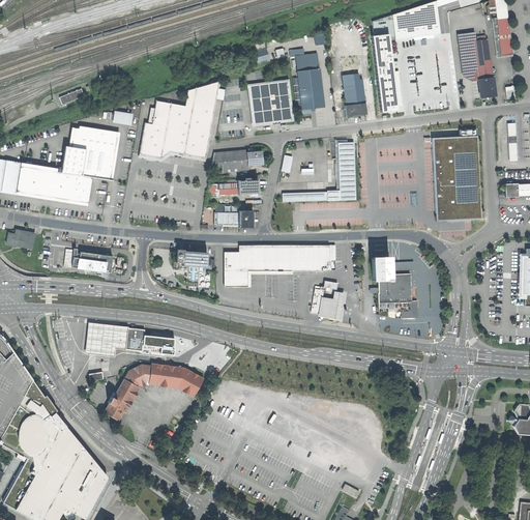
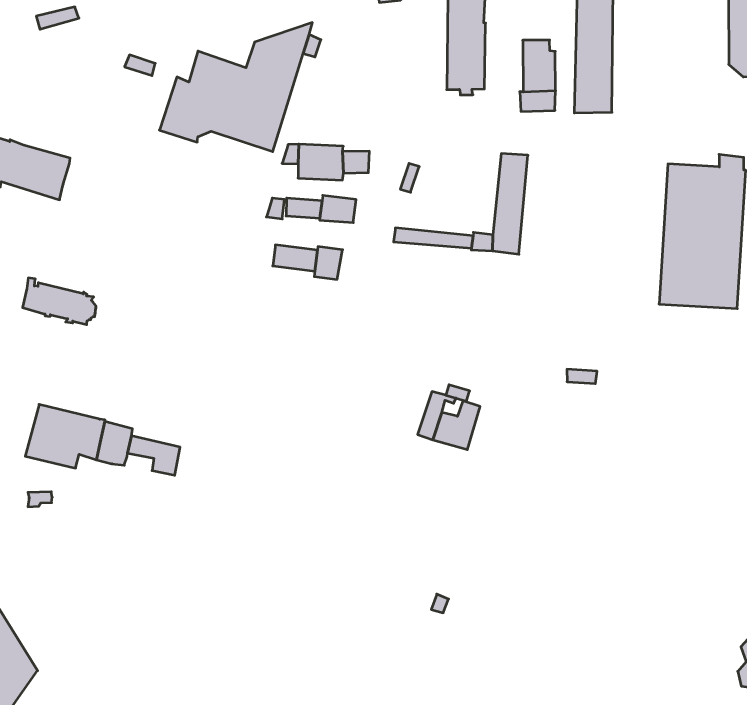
building: [252,82,294,122] -> none
building: [61,129,117,180] -> none
building: [225,245,329,286] -> none
building: [174,250,207,268] -> none
building: [372,257,412,317] -> none
building: [104,363,204,421] -> none

